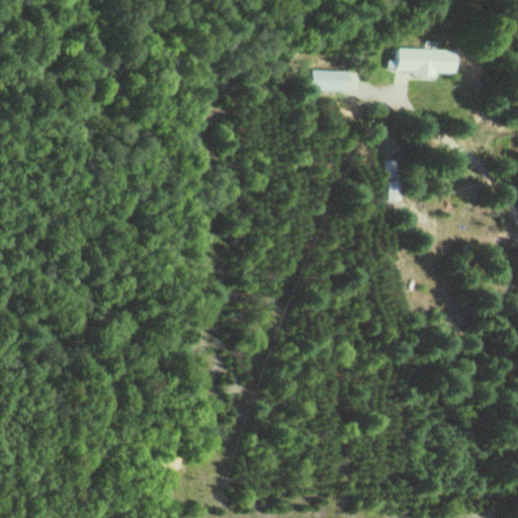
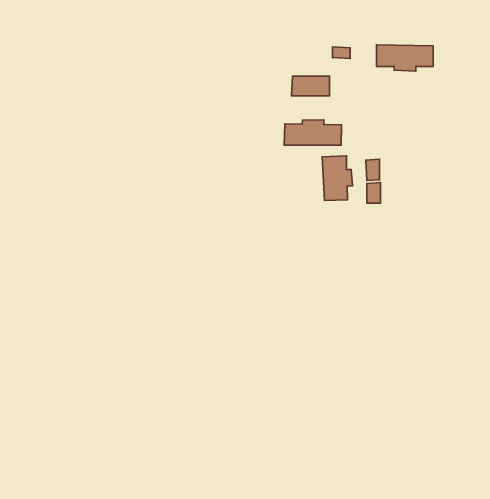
building: none -> [284,120,341,145]
building: none -> [322,156,352,201]

